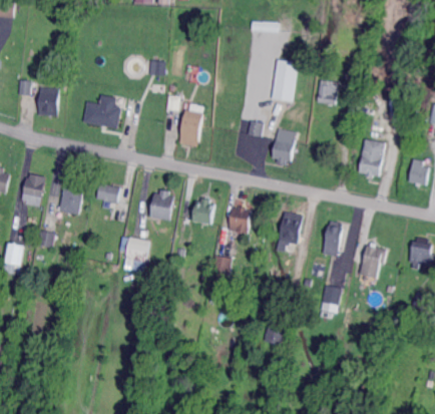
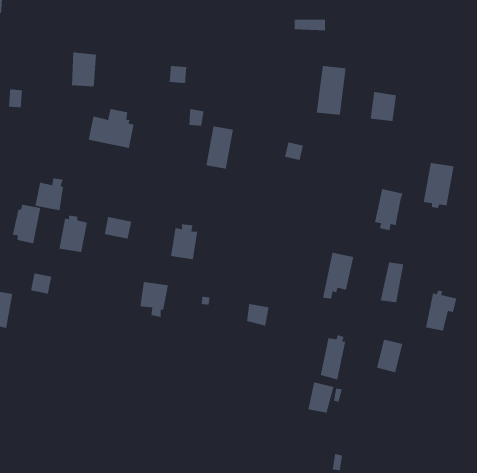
building: [39,86,60,115] -> [71,52,97,87]
building: [273,129,297,164] -> [374,188,404,231]
building: none -> [35,178,64,211]
building: [191,198,214,229] -> none
building: [229,205,251,233] -> none
building: none -> [320,334,346,380]

